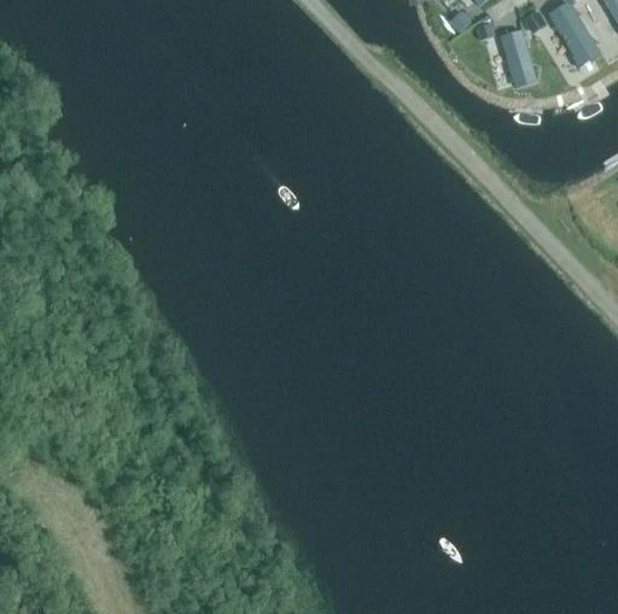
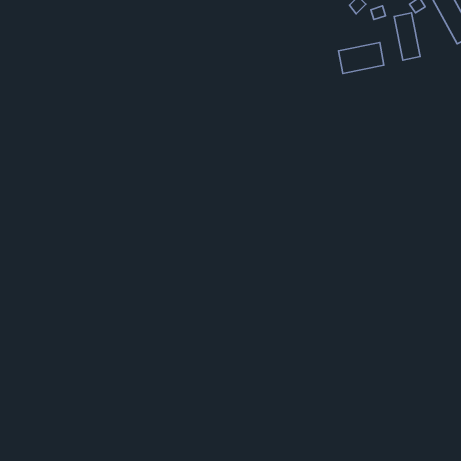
building: none -> [339,43,384,73]

